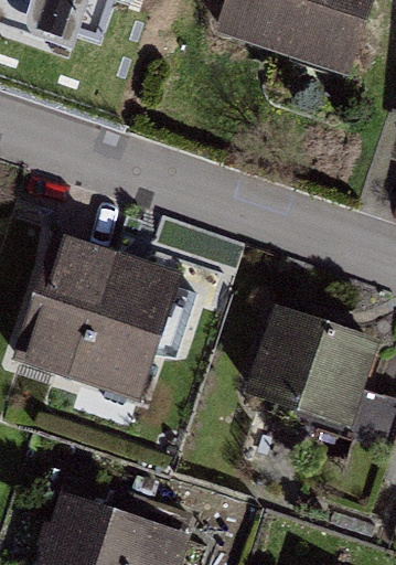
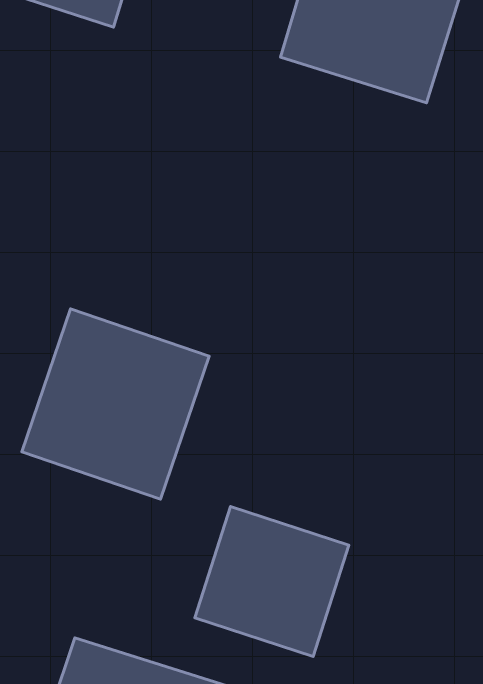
building: [250,310,370,426] -> [195,506,349,657]

